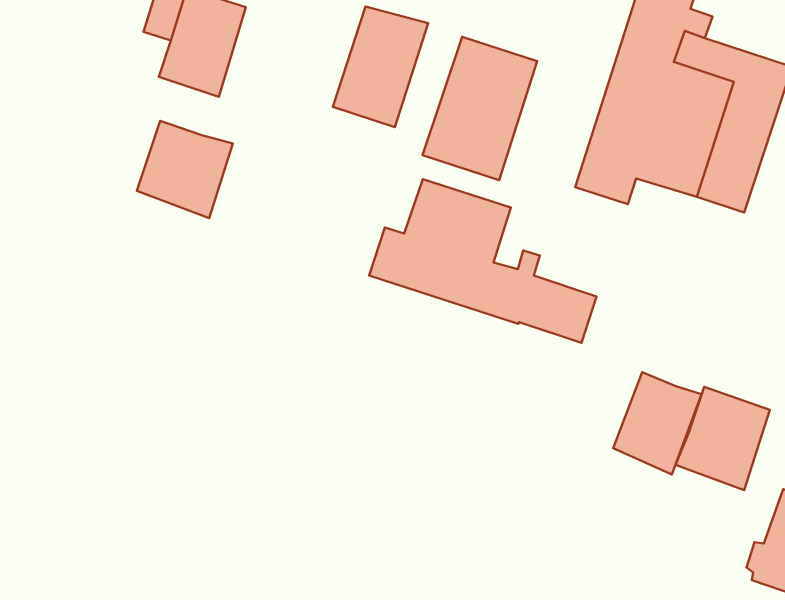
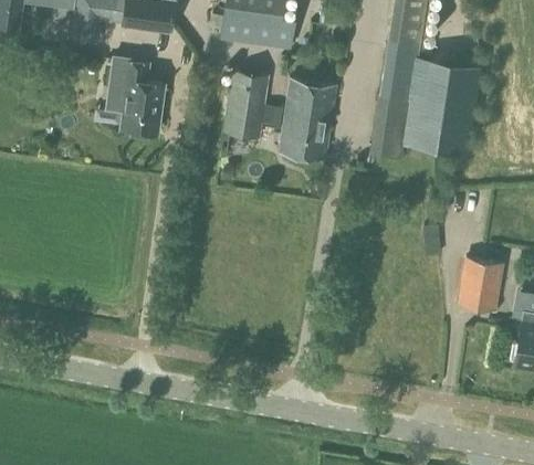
building: [137,121,233,218] -> none
building: [369,179,596,343] -> none
building: [613,372,702,475] -> none

